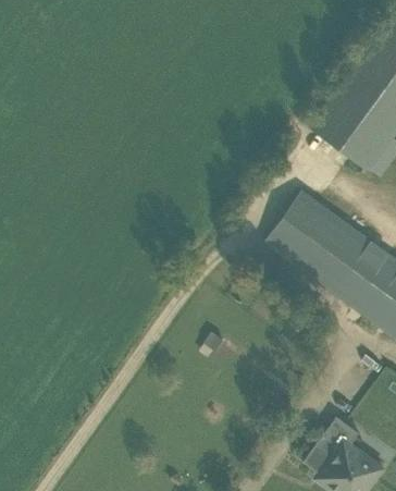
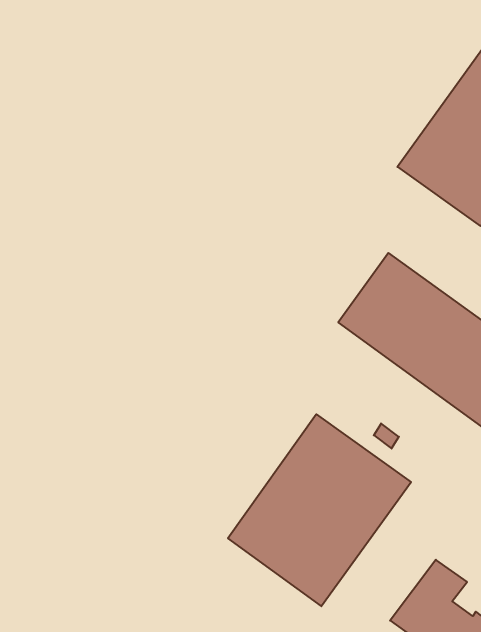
building: none -> [228,414,411,606]

